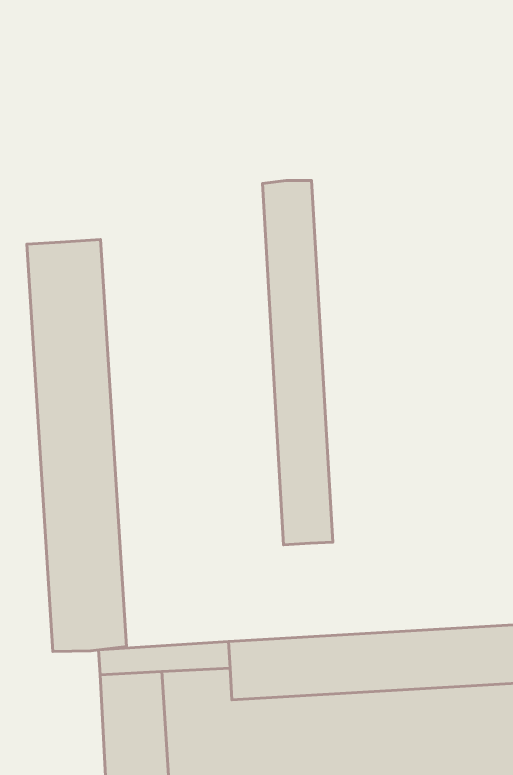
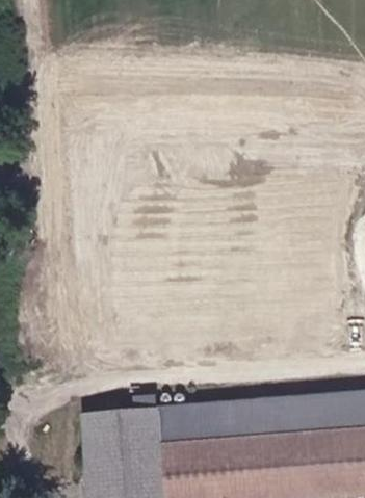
building: [262,181,333,545] -> none
building: [27,239,126,651] -> none

